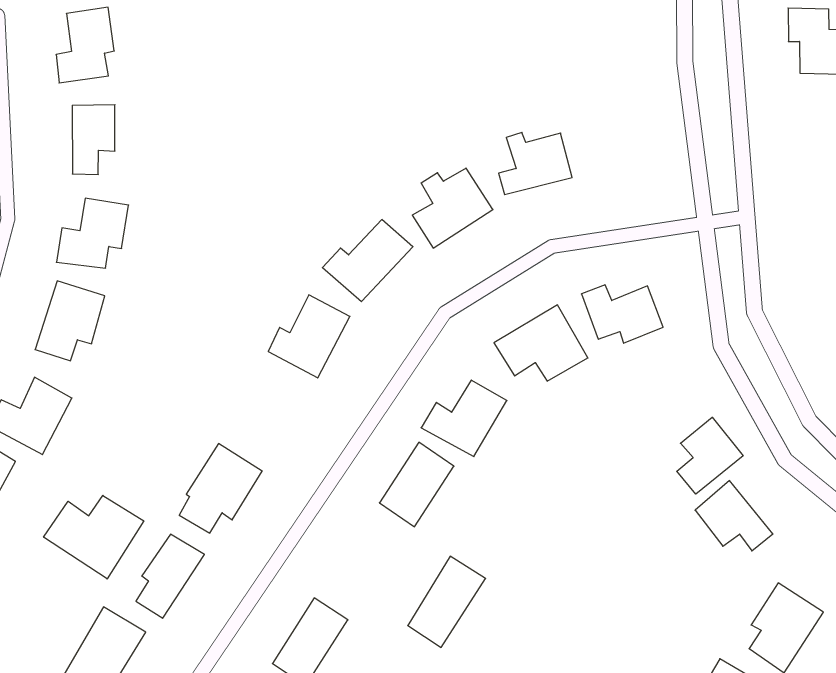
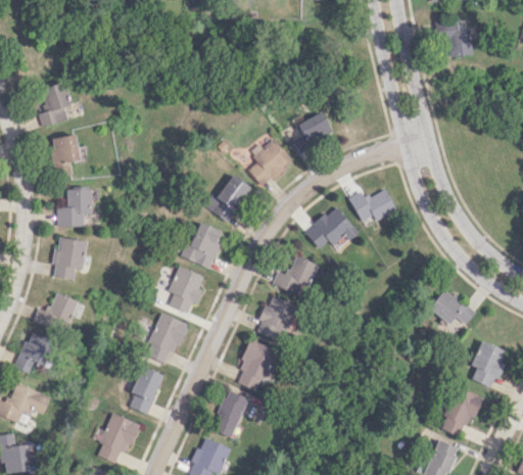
building: none -> [169,267,204,314]
building: [677,417,743,494] -> none
building: [44,495,144,579] -> none
building: [408,556,486,647] -> [234,340,273,391]

